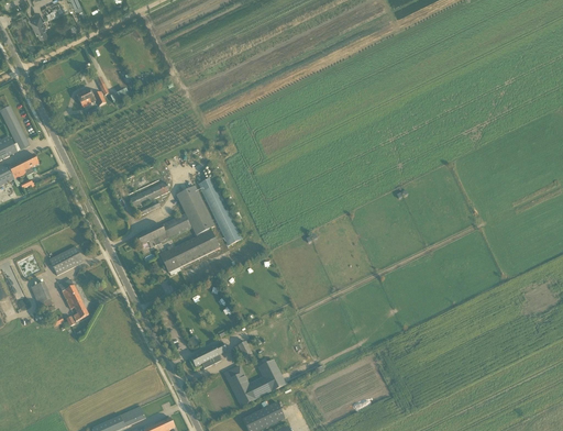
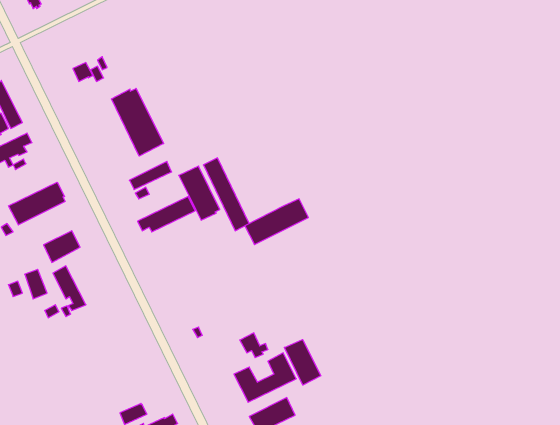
building: none -> [111,88,164,156]
building: none -> [9,182,65,225]
building: [159,230,219,273] -> [245,199,308,245]
building: [189,343,224,369] -> none
building: none -> [284,340,321,385]

